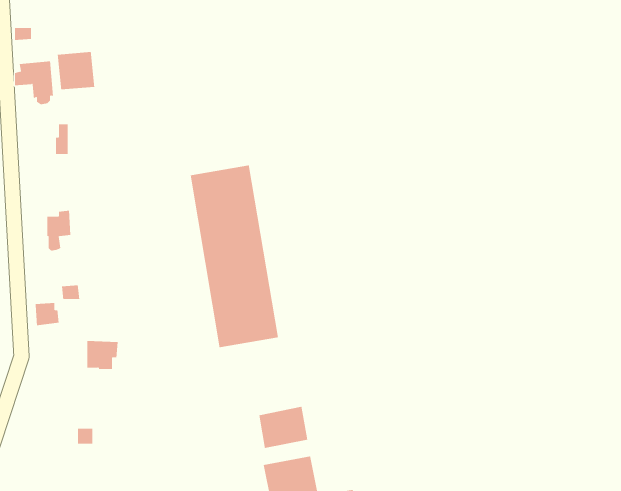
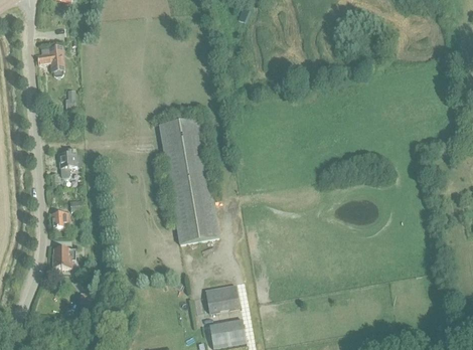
building: [57,51,95,90] -> none
building: [86,340,119,370] -> [53,247,75,268]

